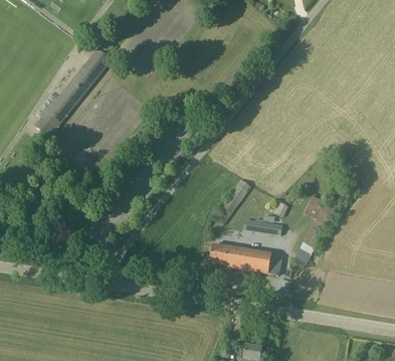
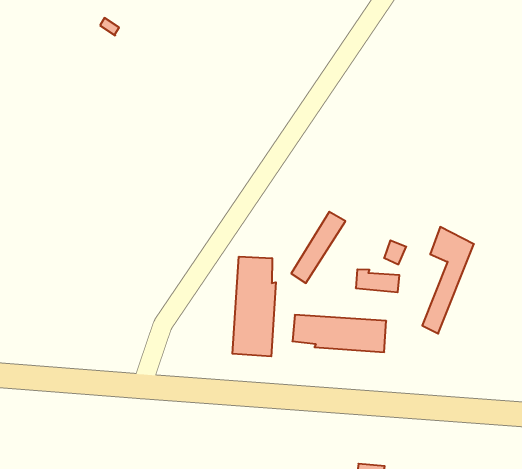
building: [36,48,112,136] -> none
building: none -> [232,257,276,356]

